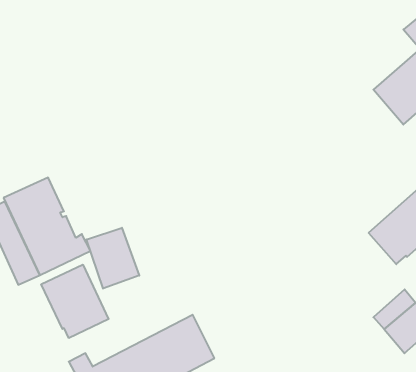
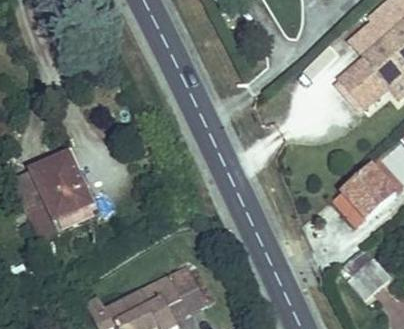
building: [86,228,139,289] -> none
building: [41,265,109,338] -> none

